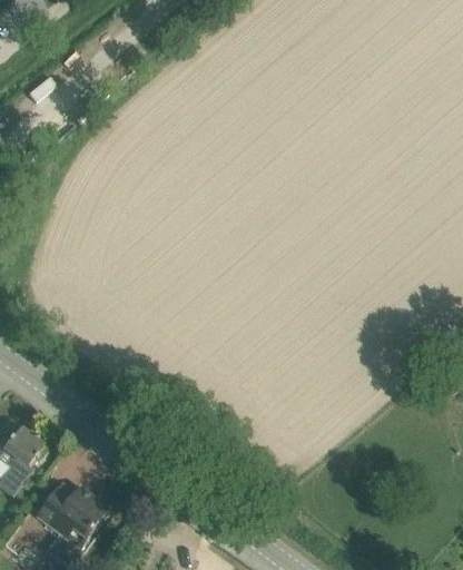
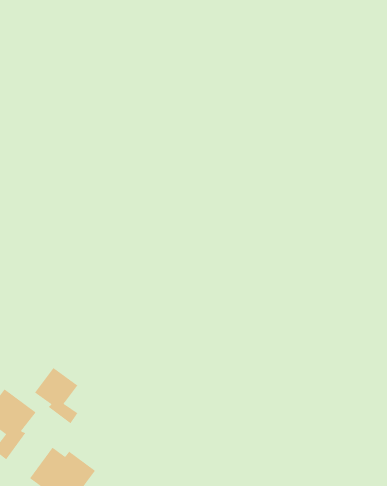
building: none -> [34,367,78,424]

